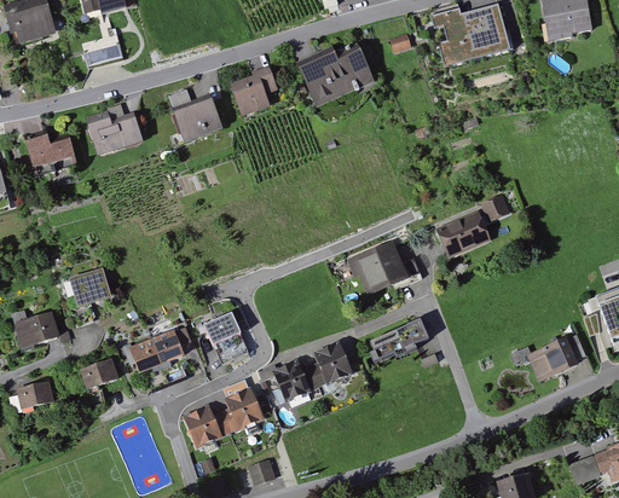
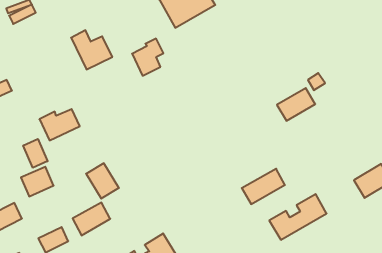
building: [231,69,274,117] -> [132,39,163,76]
building: [86,117,140,156] -> [39,109,80,140]
building: none -> [23,139,48,168]
building: [352,241,407,294] -> none
building: [207,314,249,363] -> [86,163,119,199]
building: [273,344,354,400] -> [269,194,327,240]

